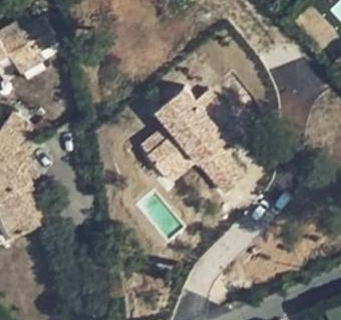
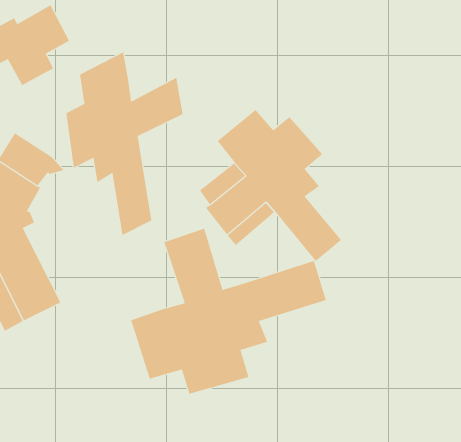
building: none -> [66,51,183,236]
building: none -> [130,228,327,394]

